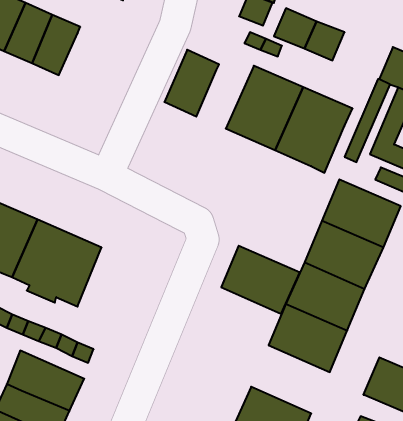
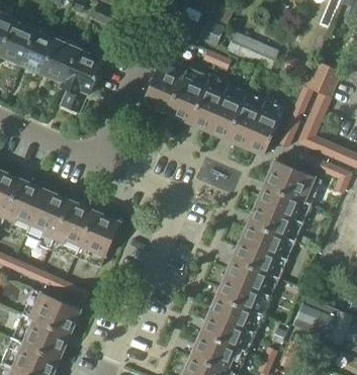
building: none -> [60,51,105,108]
building: none -> [167,65,210,122]
building: [221,246,300,314] -> [208,286,268,338]
building: none -> [77,212,120,267]

